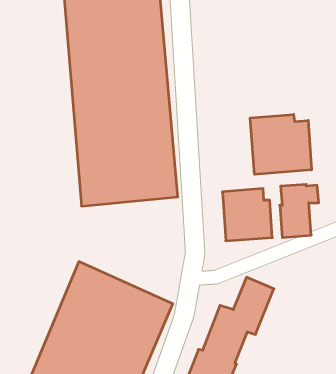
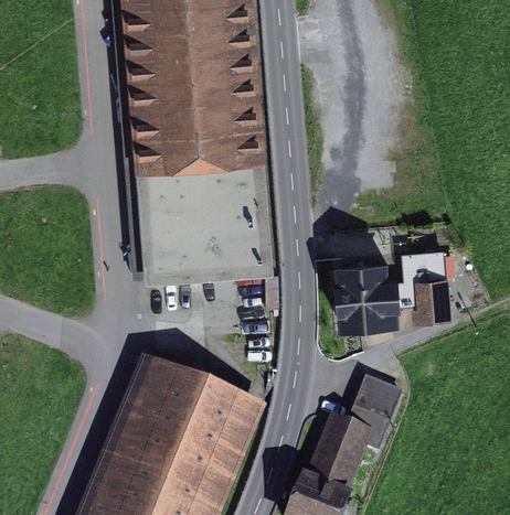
building: [250,114,311,174] -> none

